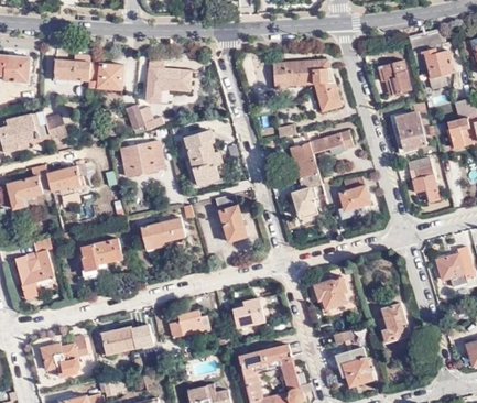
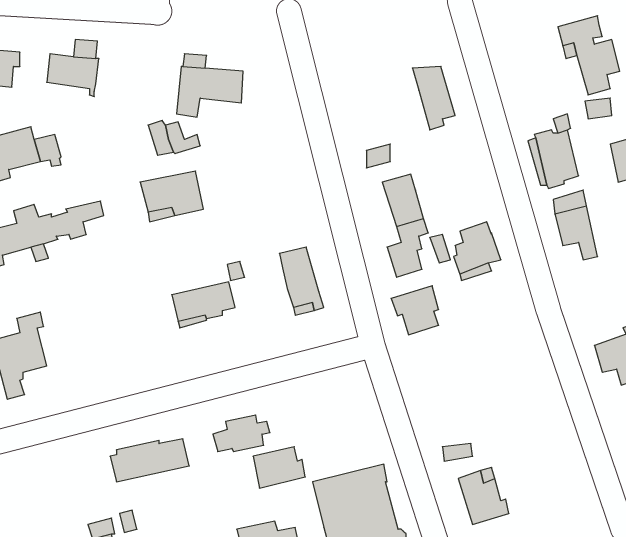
building: [380,57,409,91] -> none
building: [272,59,328,87] -> none
building: [88,63,122,90] -> none
building: [185,130,225,186] -> none
building: [307,131,351,156] -> none
building: [79,239,123,271] -> none
building: [313,275,346,309] -> [391,286,439,335]
building: [232,298,269,327] -> [253,447,305,488]
building: [381,303,410,341] -> none
building: [42,335,88,375] -> none

